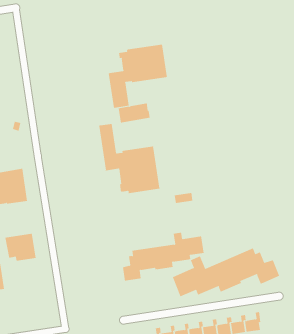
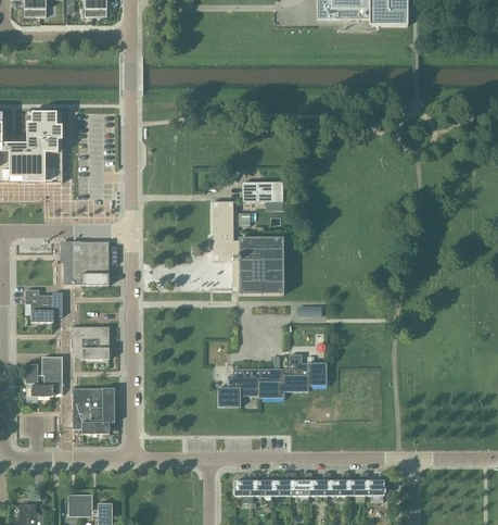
building: [107,43,168,109] -> none
building: [172,248,280,297] -> none
building: none -> [73,387,114,433]

